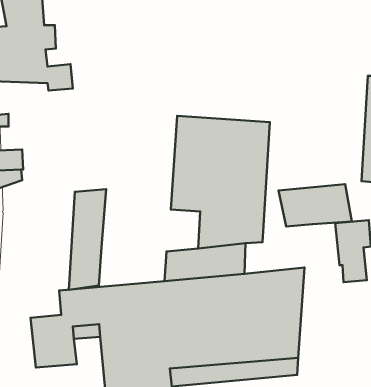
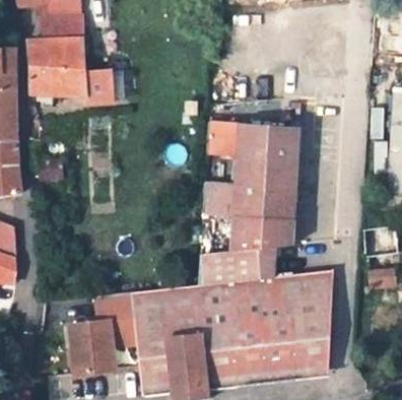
building: [279,184,352,226] -> none
building: [69,189,106,290] -> none

